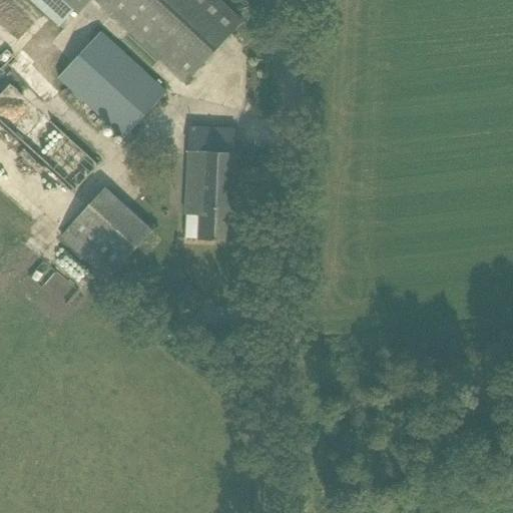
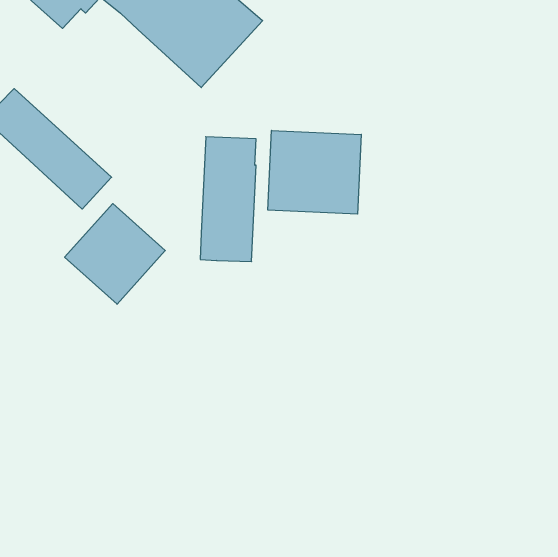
building: [59,30,166,136] -> none
building: none -> [268,130,361,214]

